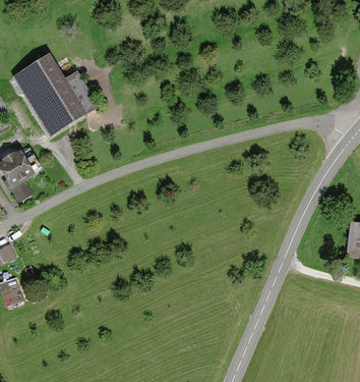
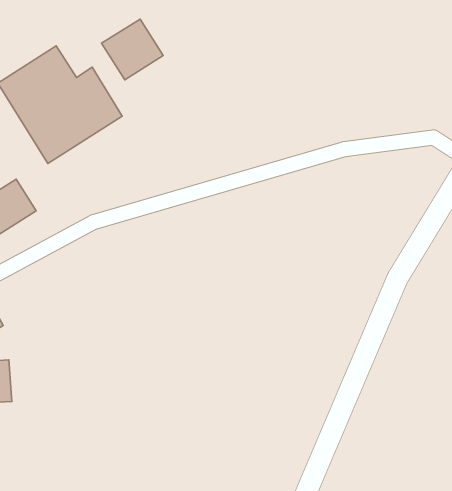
building: none -> [102,19,163,80]

